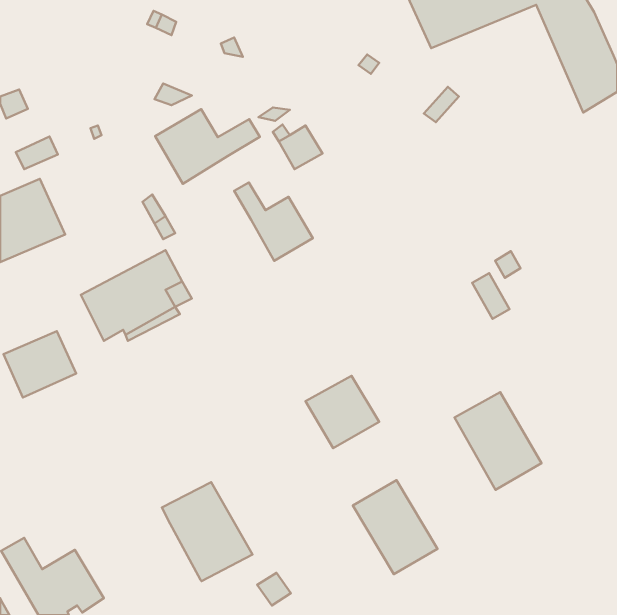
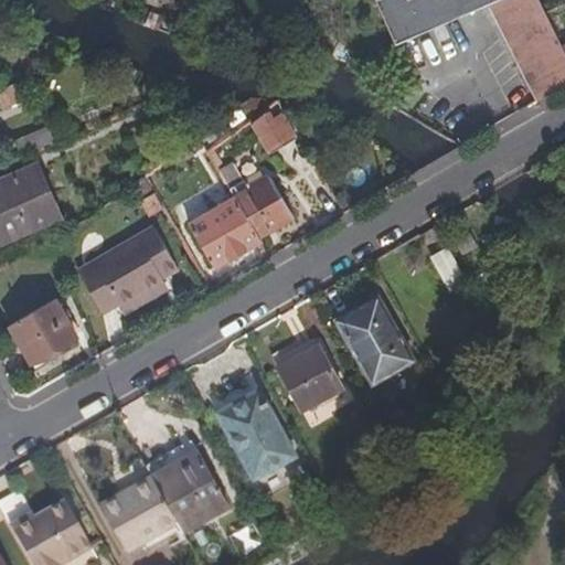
building: [155,109,260,184] -> none
building: none -> [183,201,254,269]
building: [454,392,541,490] -> [335,295,415,384]
building: [353,480,437,574] -> [224,388,301,475]
building: none -> [103,475,183,547]

